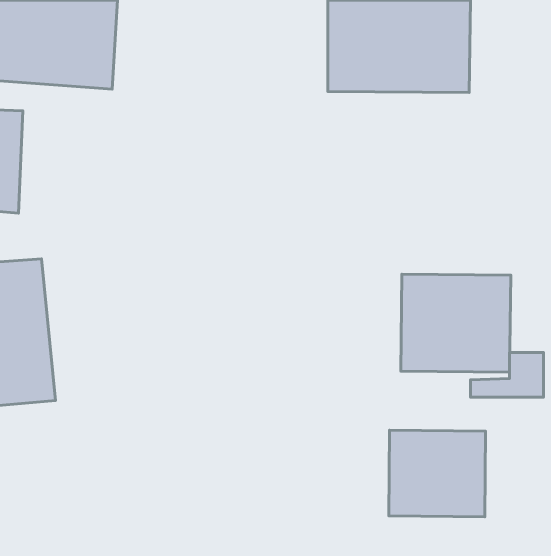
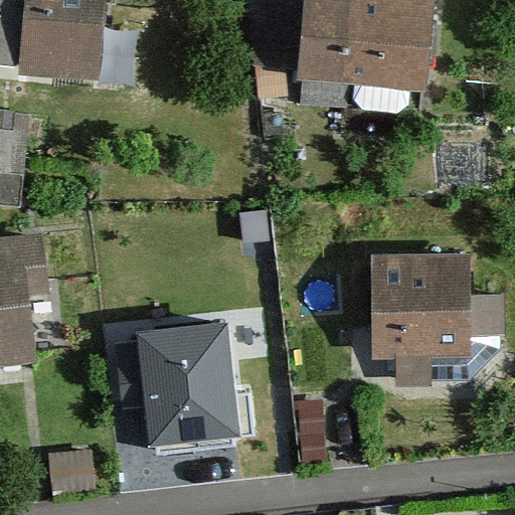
building: none -> [132,322,230,441]
building: [389,430,485,517] -> none

